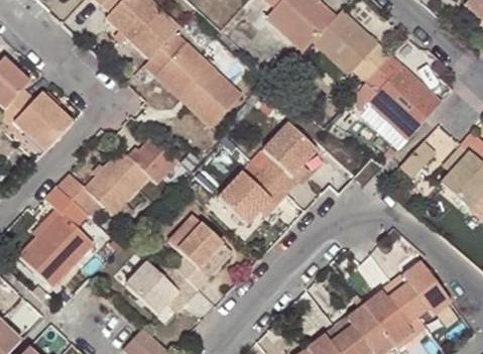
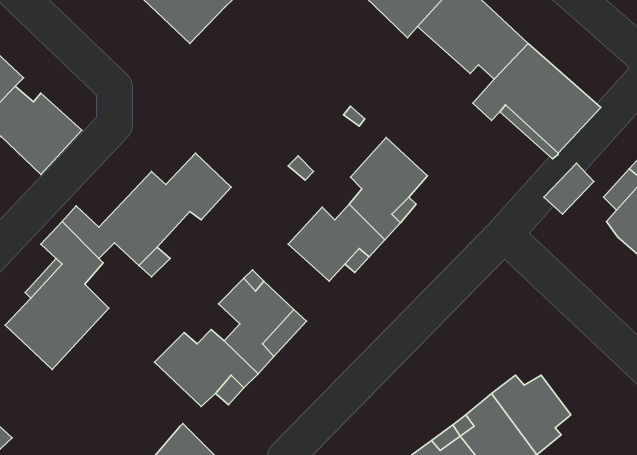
building: [143,30,243,127] -> none
building: [398,263,453,320] -> none

